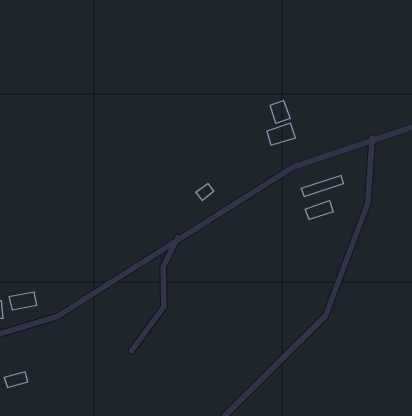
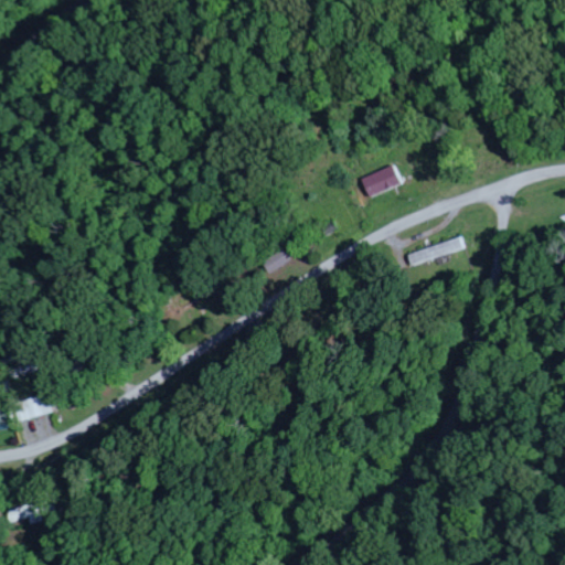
building: [270,100,290,123] -> none
building: [305,201,333,220] -> none

